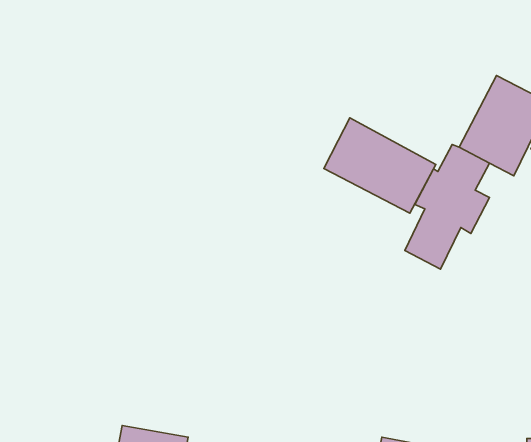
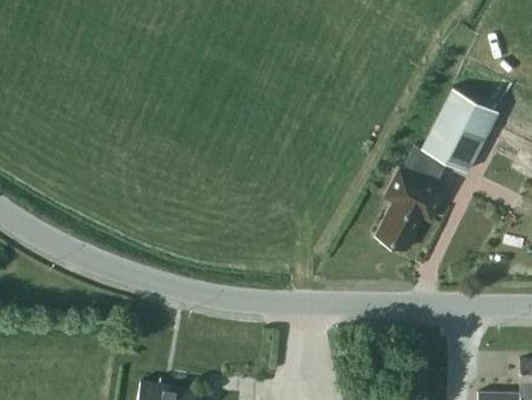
building: [324,118,436,213] -> none

